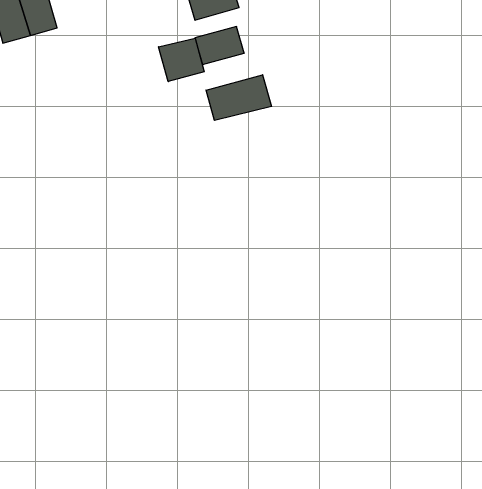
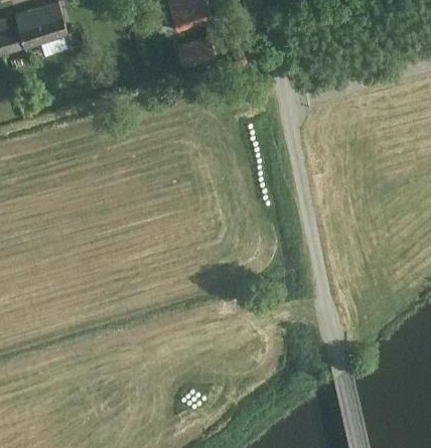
building: [159,38,204,82] -> none
building: [206,75,272,120] -> none

